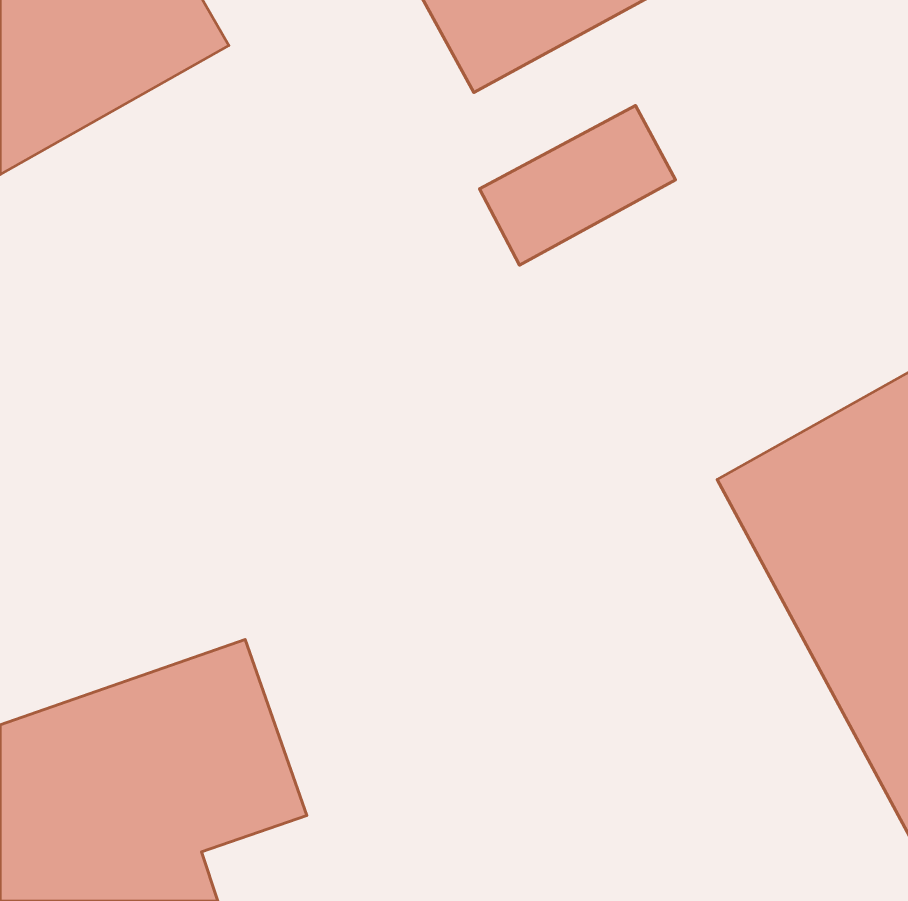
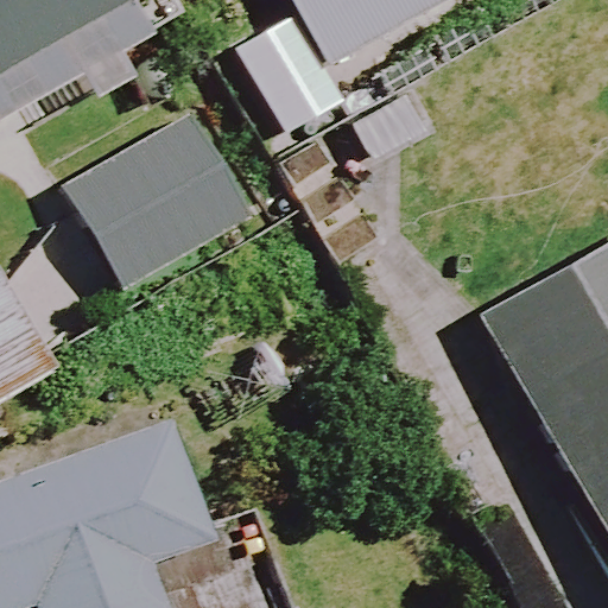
building: none -> [62,114,247,292]

